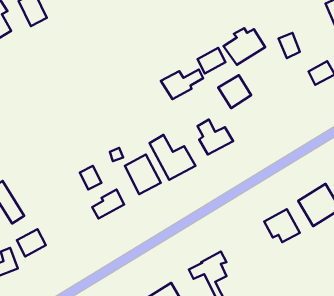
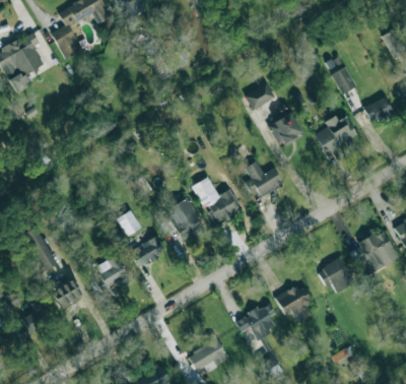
building: [224,28,265,65] -> [314,116,358,155]
building: [161,69,203,99] -> none
building: none -> [96,256,128,287]
building: none -> [276,284,317,322]

